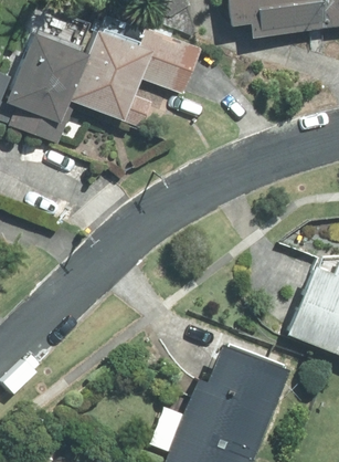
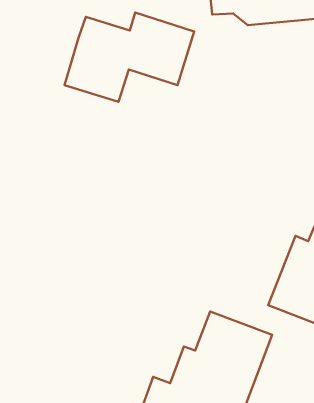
building: [9,35,86,120] -> none

